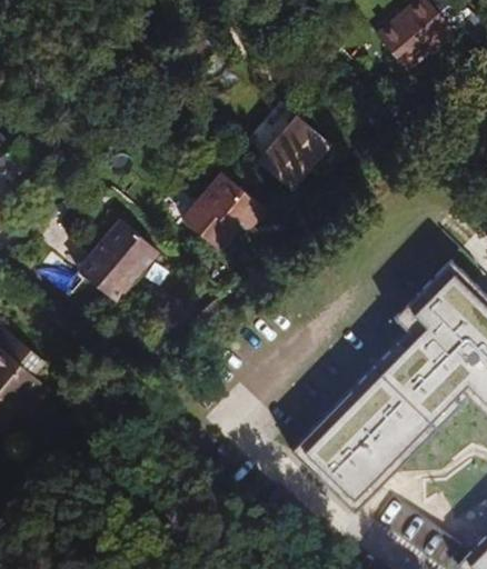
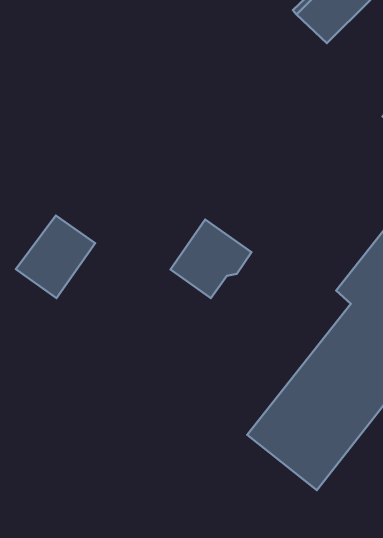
building: [244,100,332,188] -> none
building: [182,172,265,251] -> [170,219,252,298]

